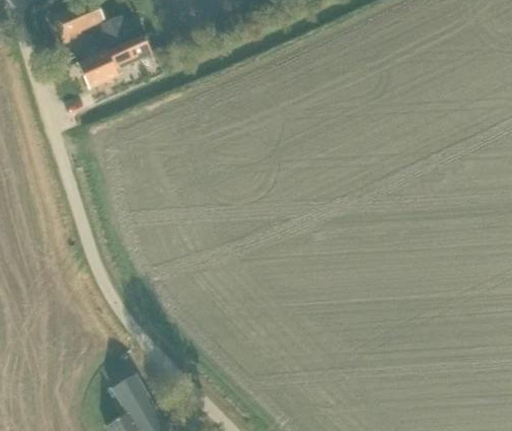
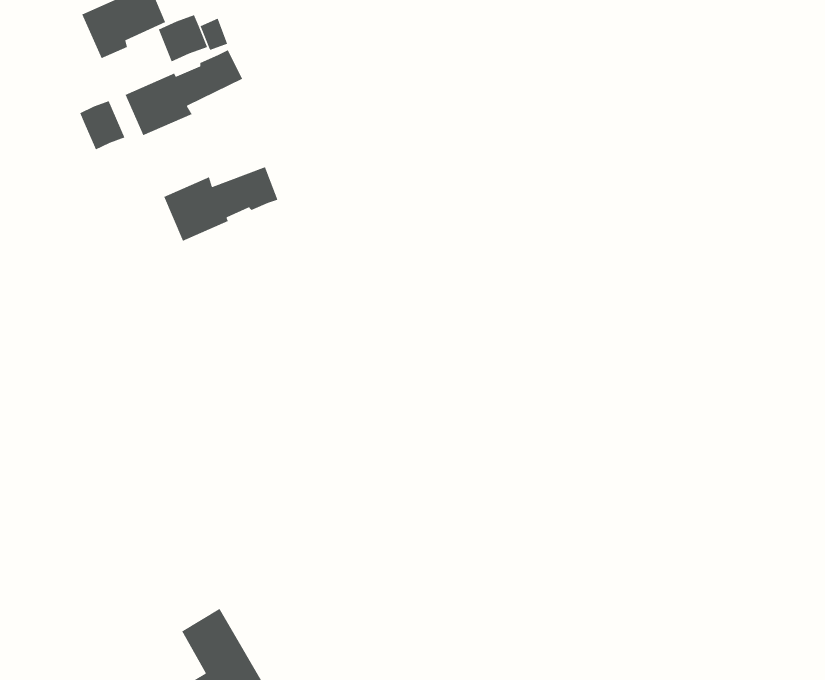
building: none -> [79,100,126,150]
building: none -> [163,166,278,242]

